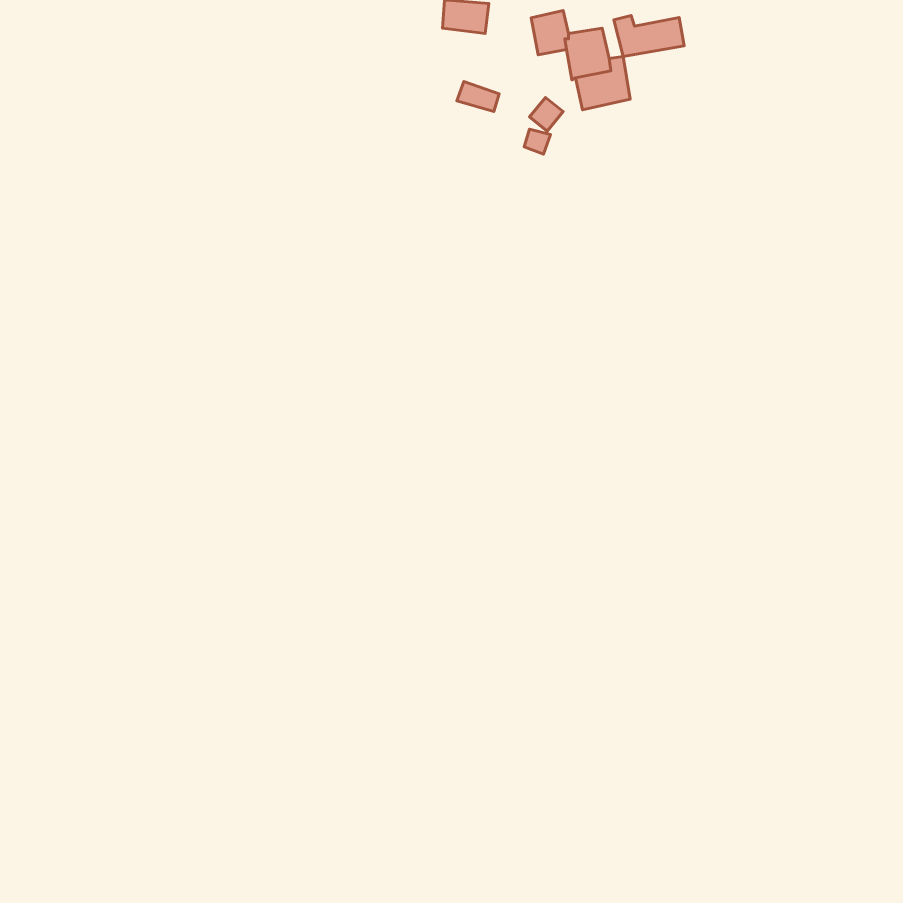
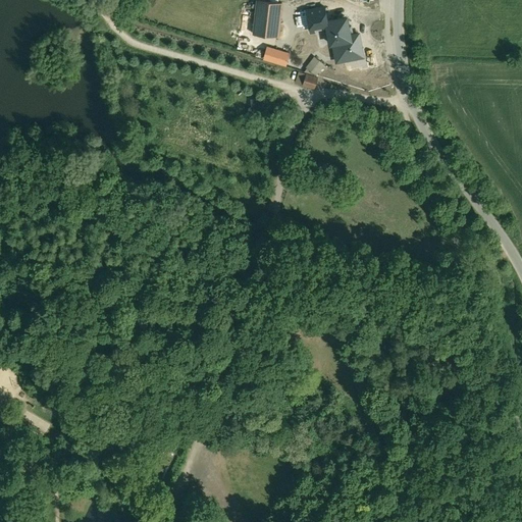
building: [614,16,684,57] -> none
building: none -> [253,17,279,38]

